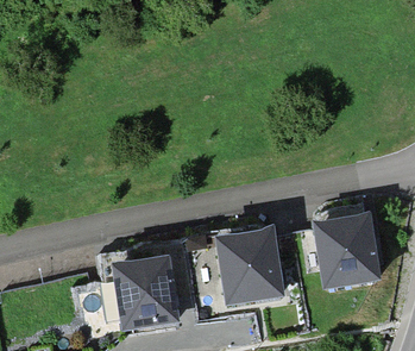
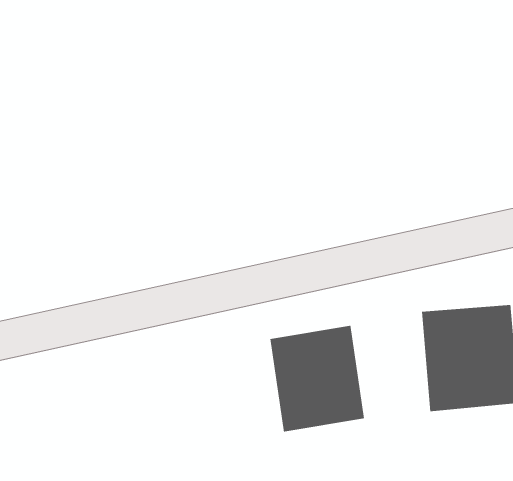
building: [108,256,175,325] -> none

